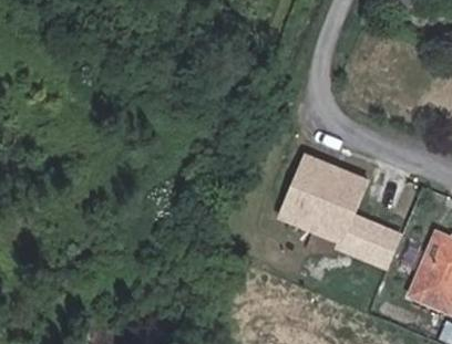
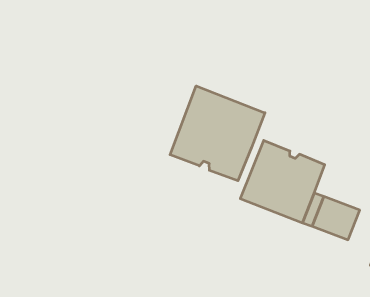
building: none -> [170,86,265,181]

